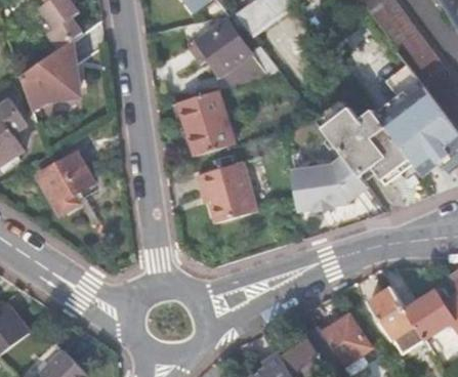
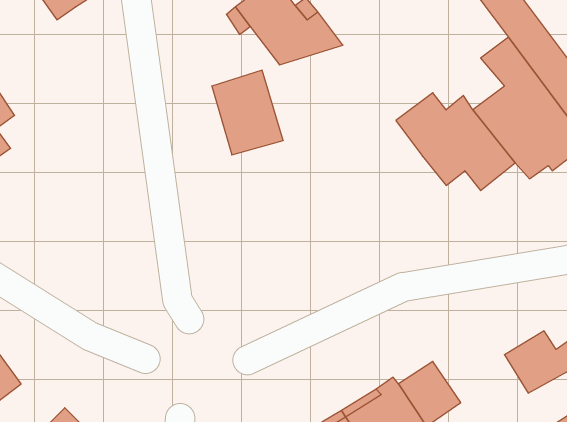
building: [19,39,78,109] -> none
building: [36,151,93,212] -> none
building: [291,155,368,211] -> none
building: [197,159,257,221] -> none
building: [366,286,423,353] -> none

